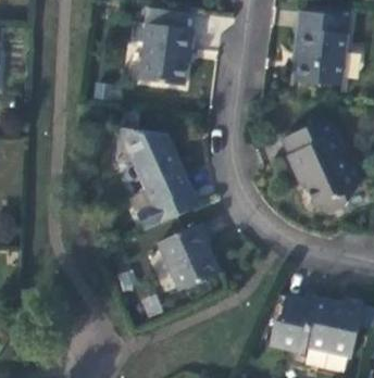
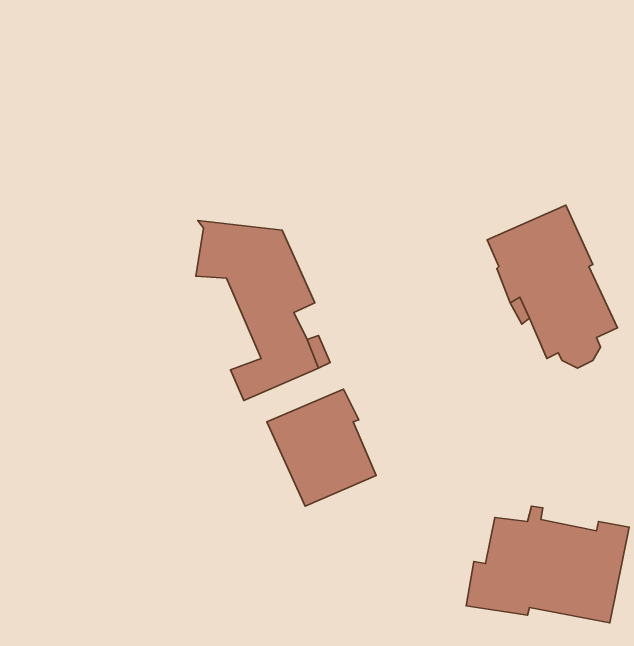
building: [294,10,348,85] -> none
building: [137,22,194,85] -> none

